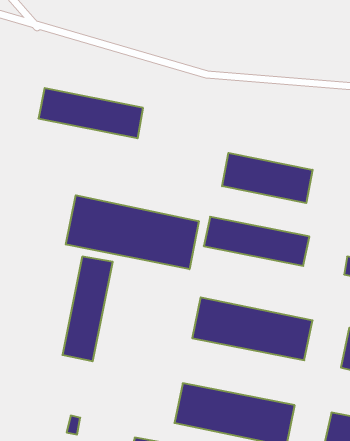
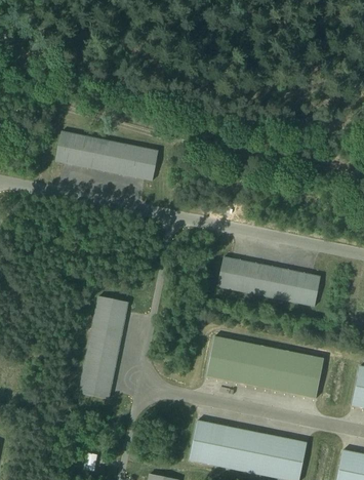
building: [222,153,313,203] -> none
building: [66,195,199,269] -> none

